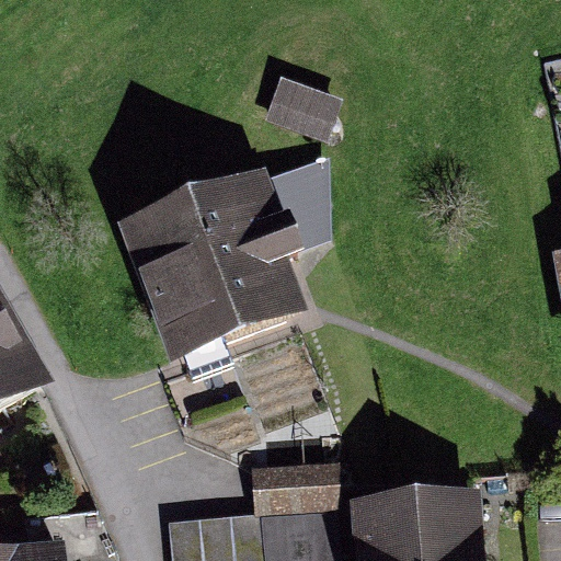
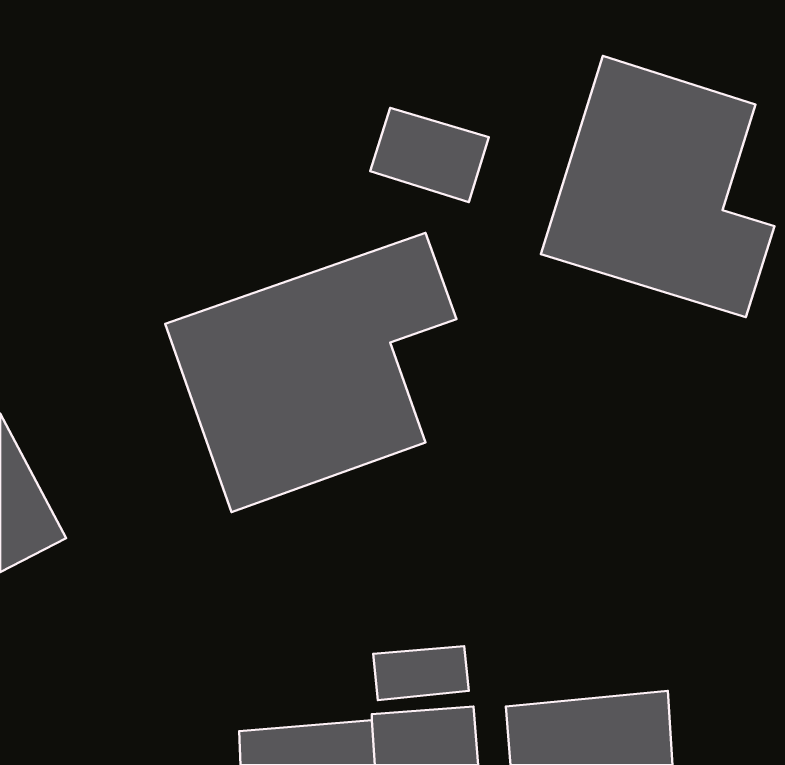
building: none -> [541,56,775,317]

